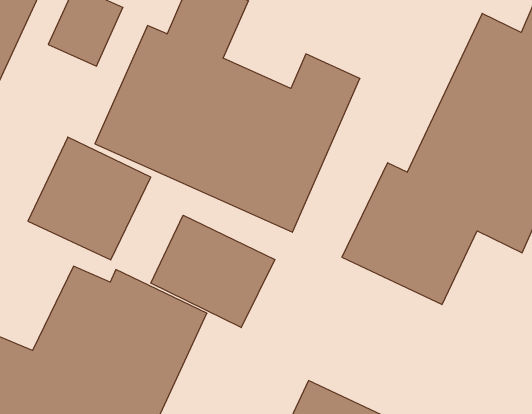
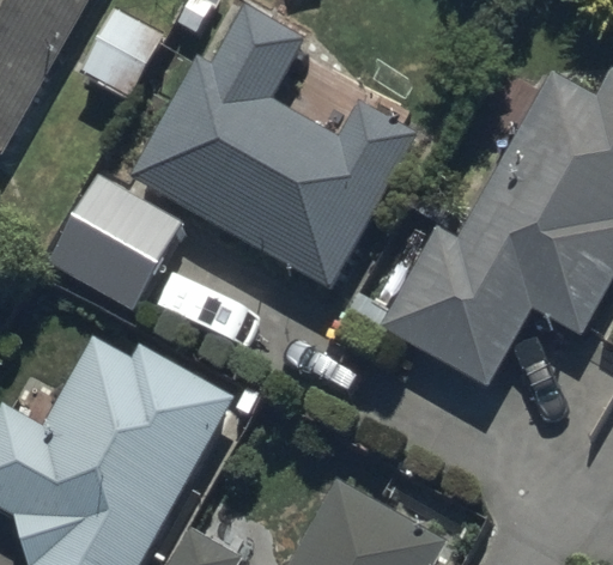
building: [151,215,275,328] -> none

